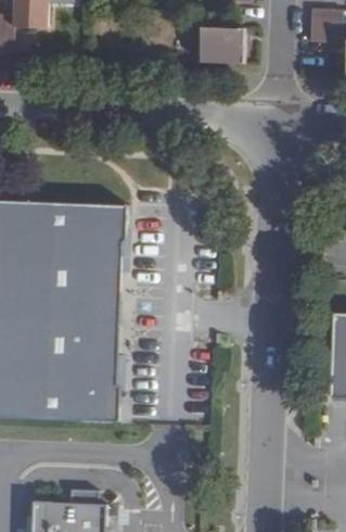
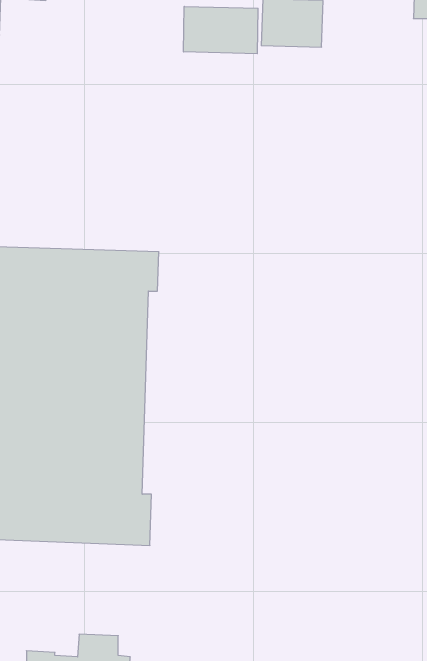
building: none -> [184,6,258,54]

